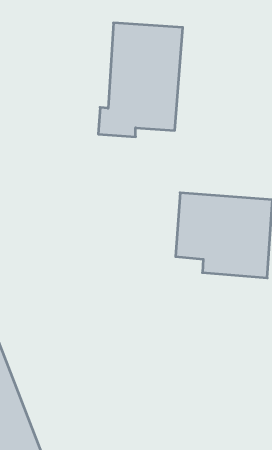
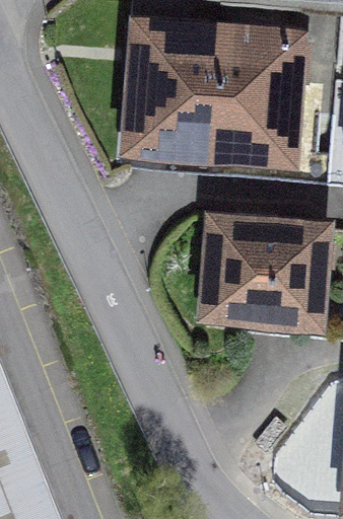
building: none -> [210,31,298,165]

